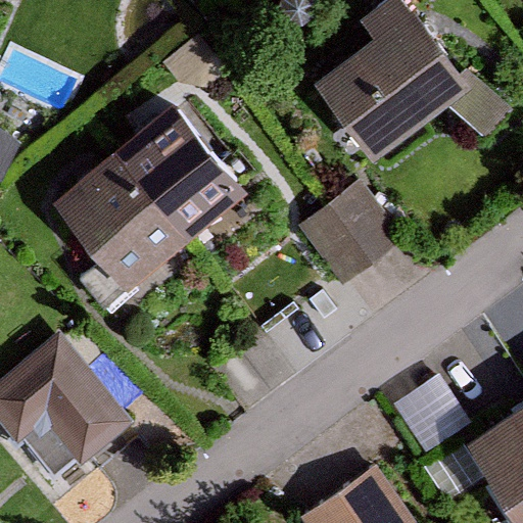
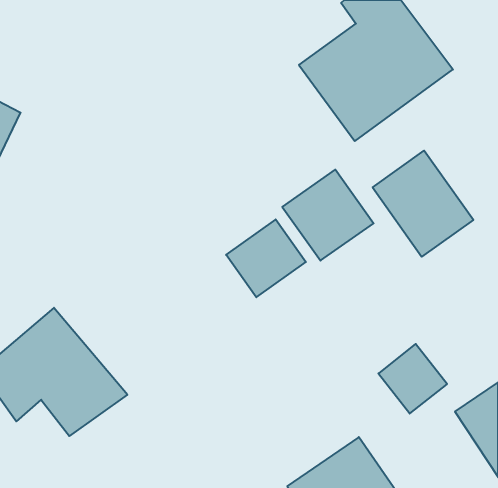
building: [62,104,248,286] -> none
building: none -> [373,151,473,257]
building: none -> [226,219,306,297]

